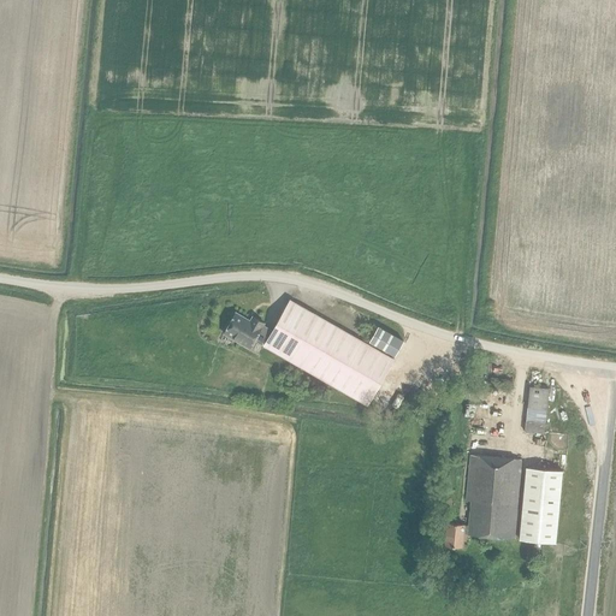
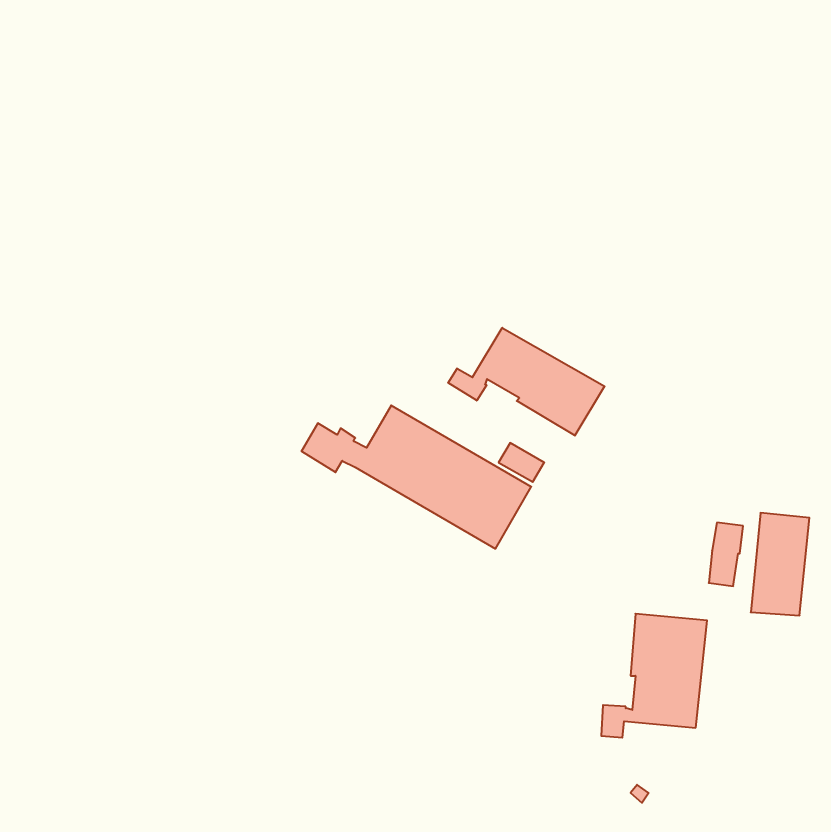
building: none -> [448,328,605,436]
building: [519,466,562,541] -> [751,513,809,615]

